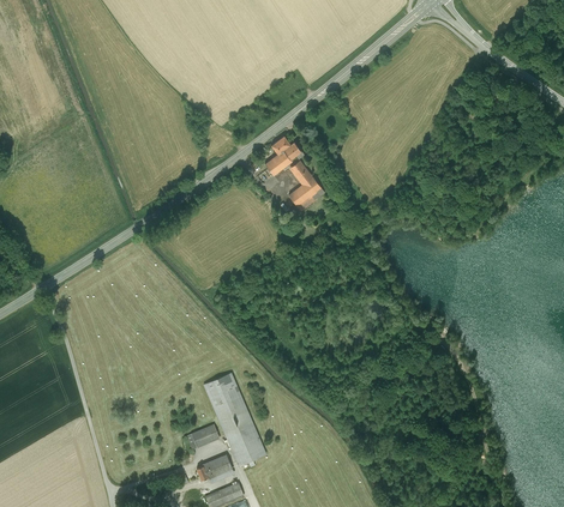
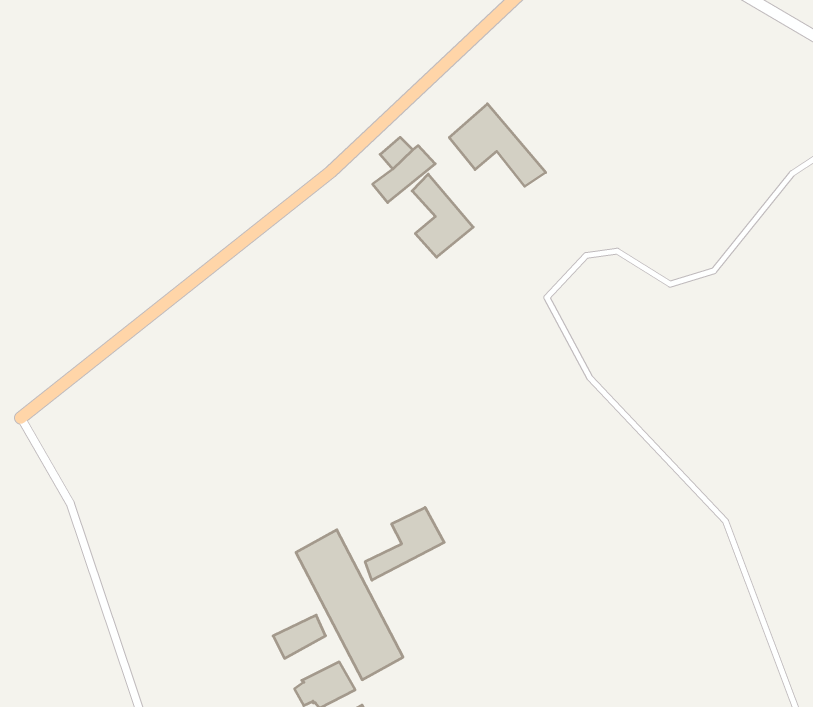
building: none -> [449,104,546,186]
building: none -> [365,507,444,580]

